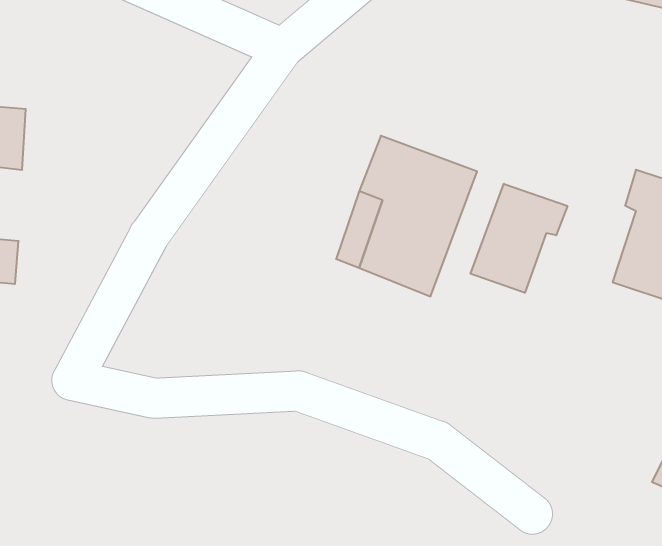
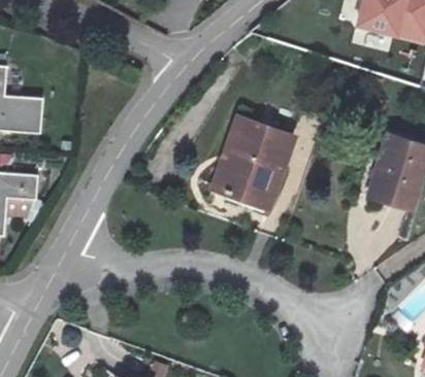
building: [471,184,567,293] -> none

